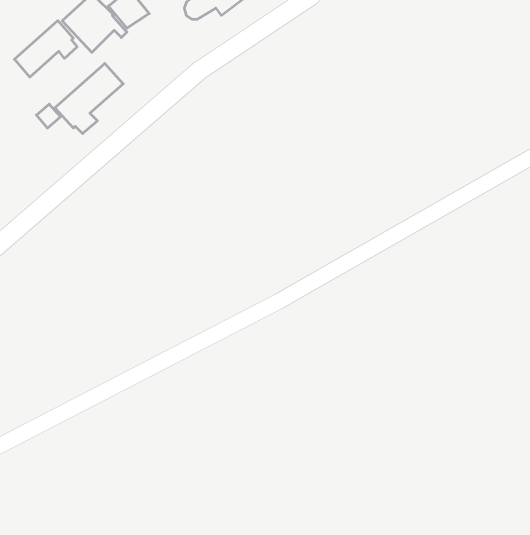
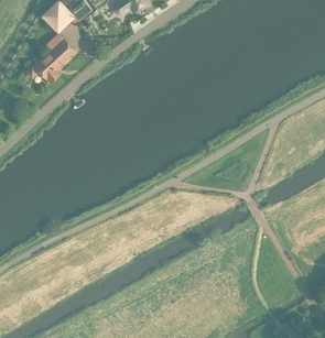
building: [14,21,77,77] -> none

